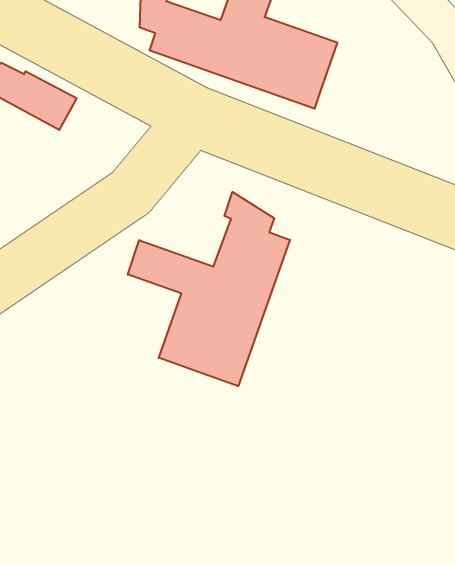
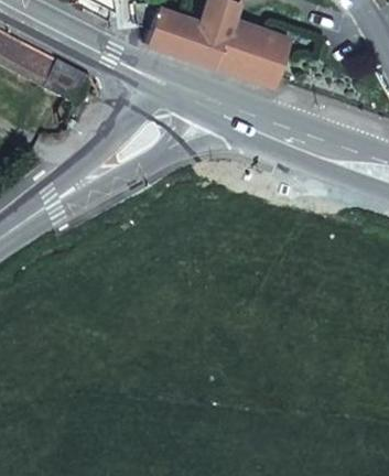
building: [128,192,290,386] -> none

